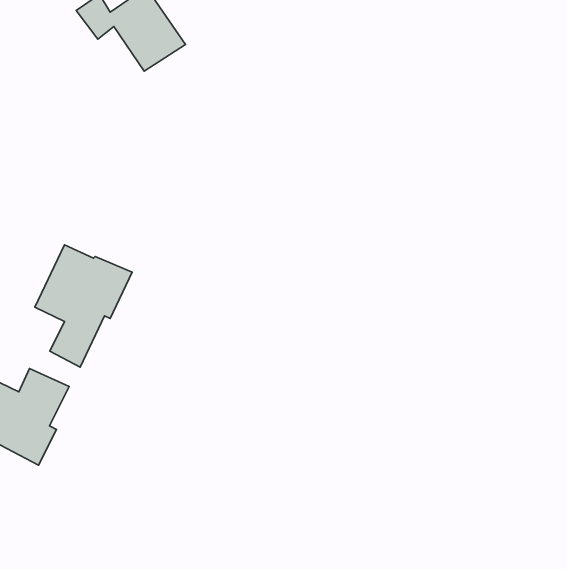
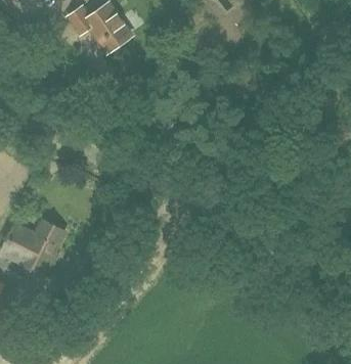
building: [35,245,132,367] -> none

